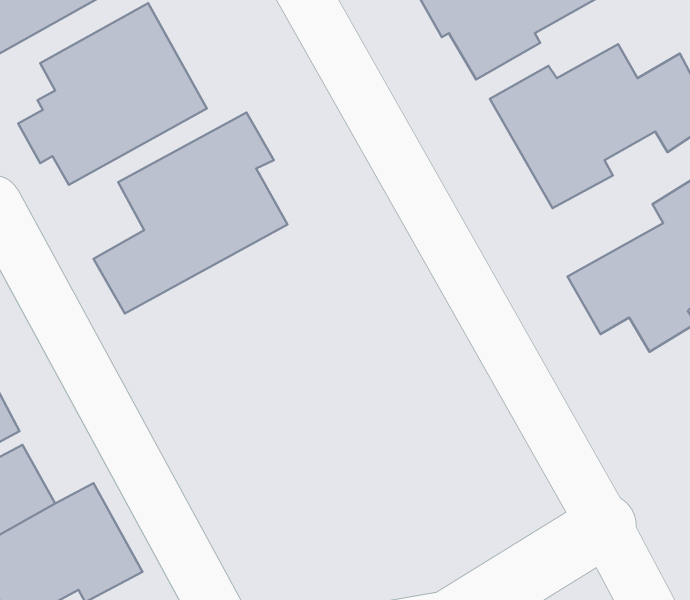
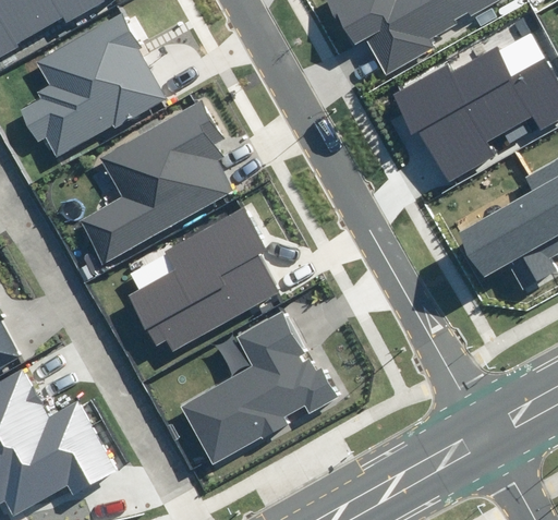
building: none -> [131,209,278,352]
building: none -> [177,309,336,464]

